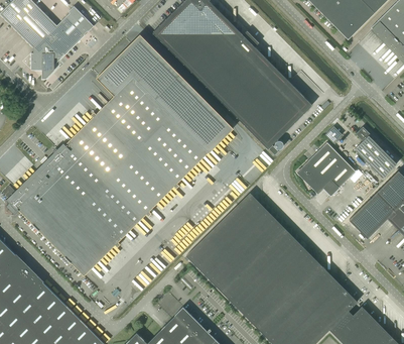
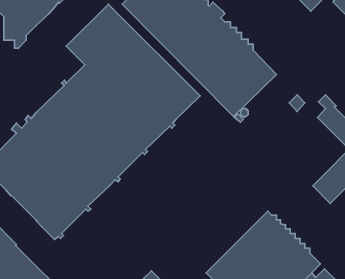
building: [296,142,356,194] -> none
building: [186,192,303,310] -> none

